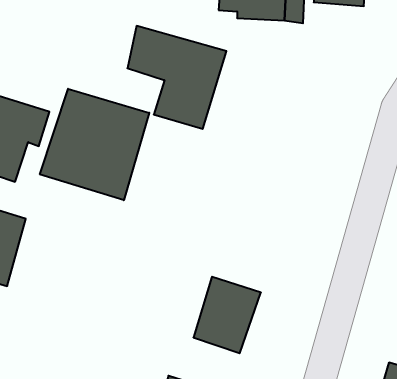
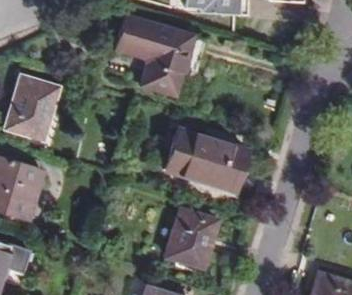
building: [40,89,149,200] -> none
building: none -> [168,129,247,193]

